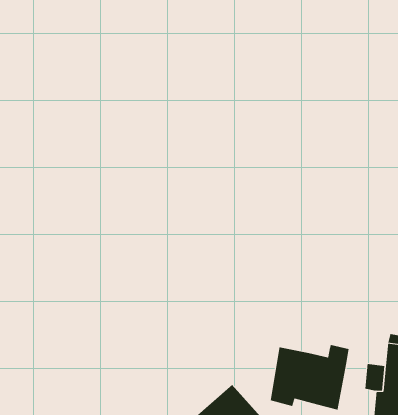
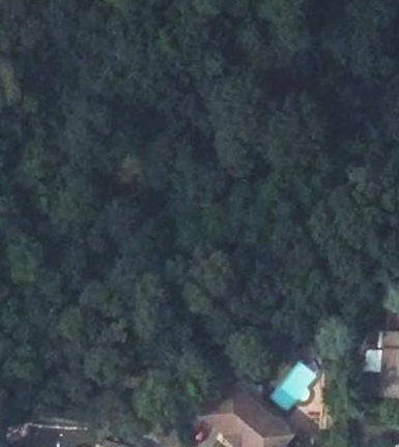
building: [270,344,349,410] -> none

